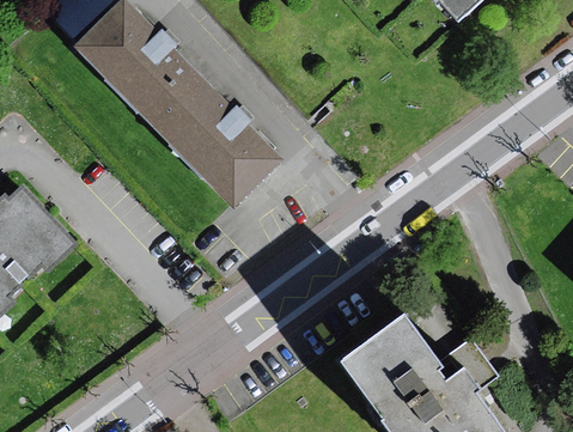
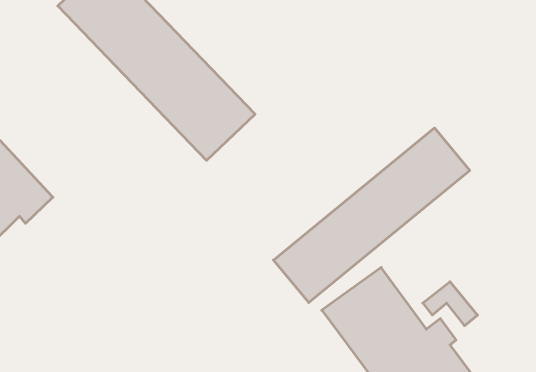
building: none -> [273,128,470,303]

